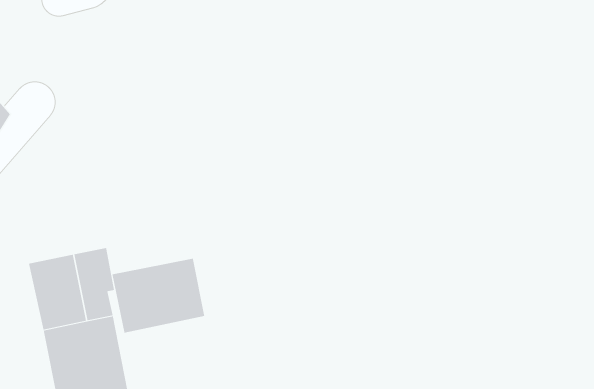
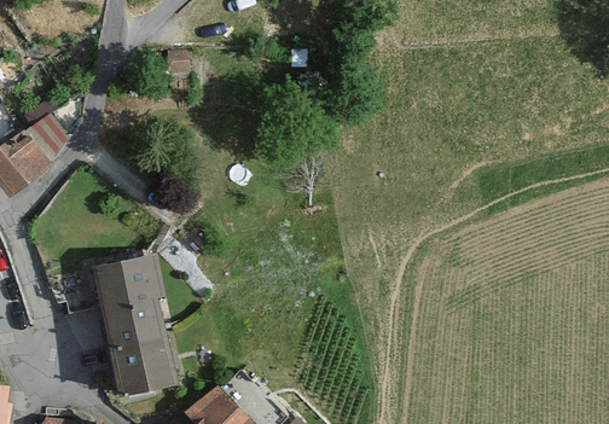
building: [112,258,205,334] -> none

